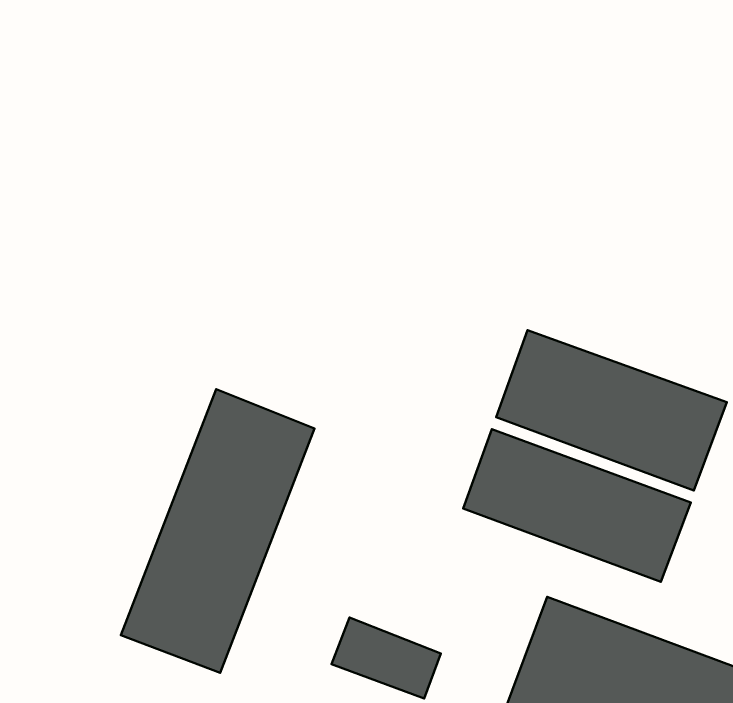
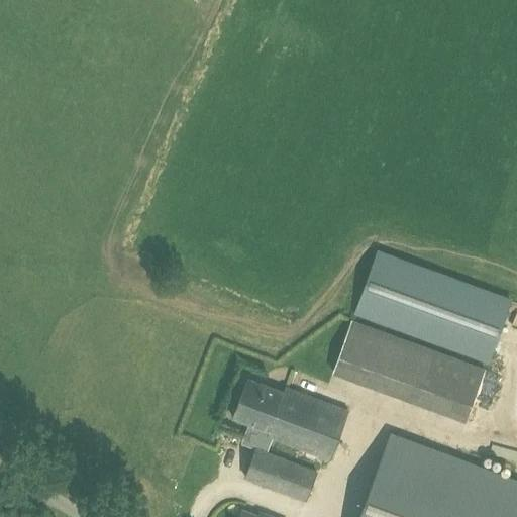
building: [121,389,314,673] -> none
building: none -> [234,378,348,460]

